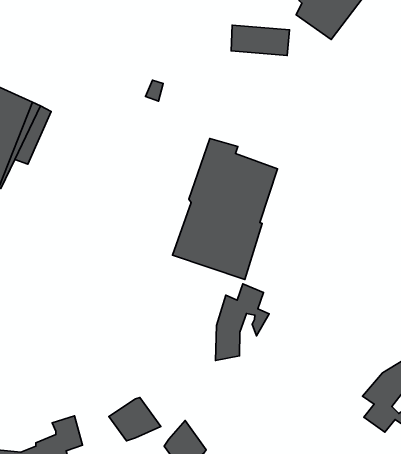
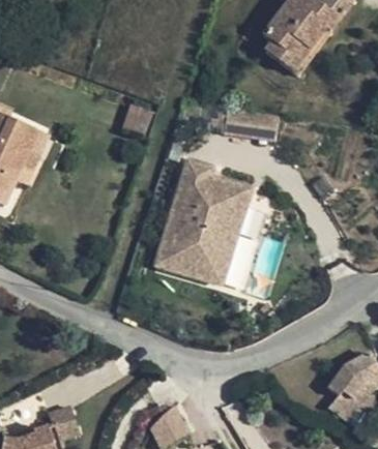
building: [231,25,289,55] -> [225,110,277,137]
building: [215,284,269,360] -> none
building: [109,397,161,441] -> none

